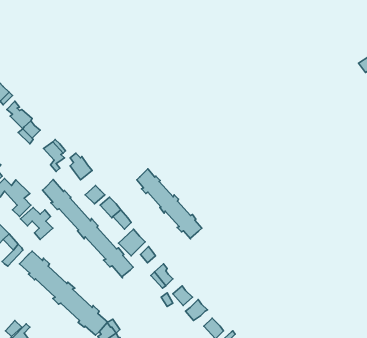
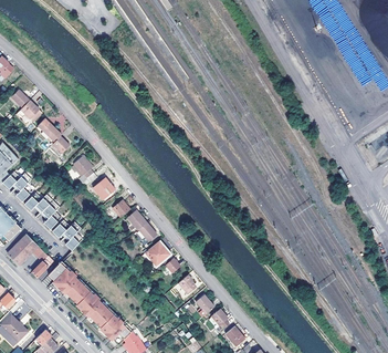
building: [137,169,202,239] -> none
building: [42,180,133,278] -> none

